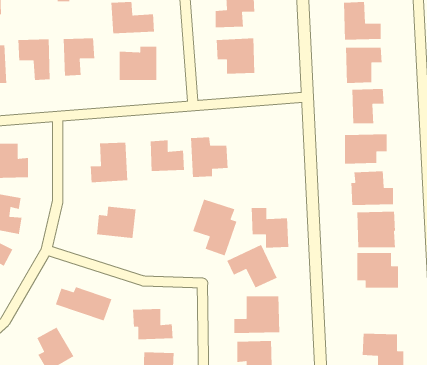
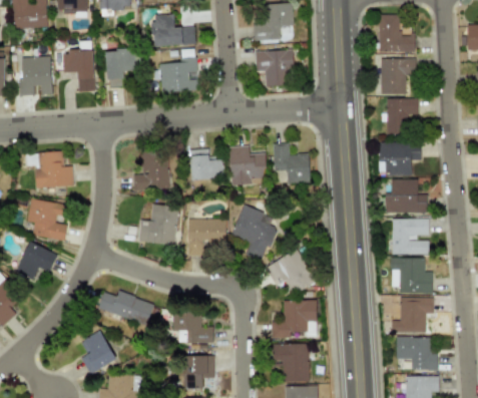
building: [251,207,289,249] -> [273,143,310,183]
building: none -> [187,219,226,247]
building: none -> [392,297,432,332]

